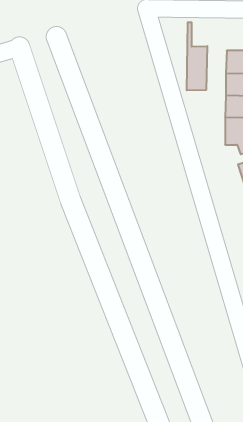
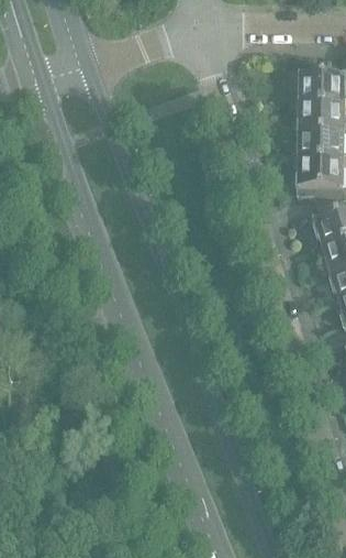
building: [187,22,207,90] -> none

